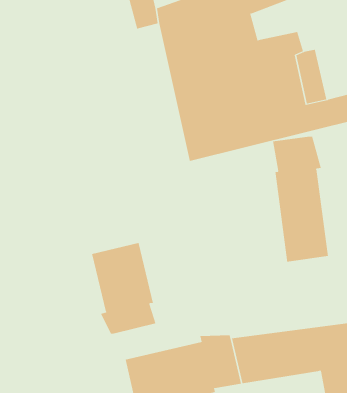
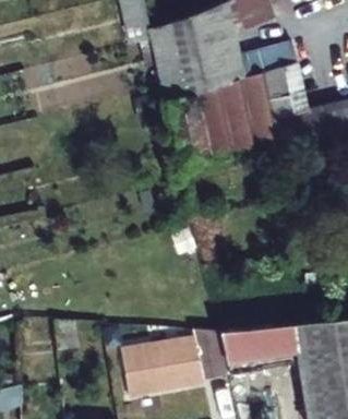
building: [272,136,329,262] -> none
building: [91,242,156,335] -> none

